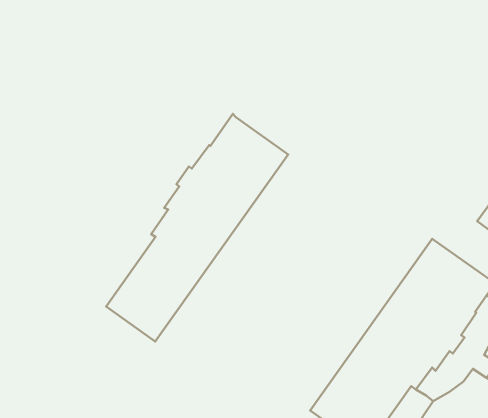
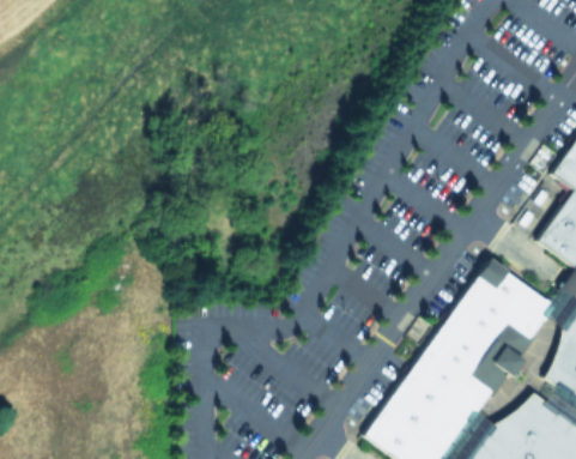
building: [106,114,288,341] -> none

